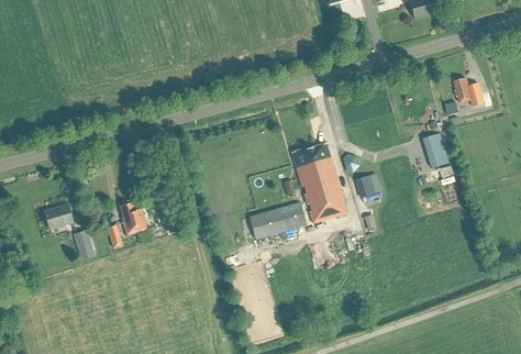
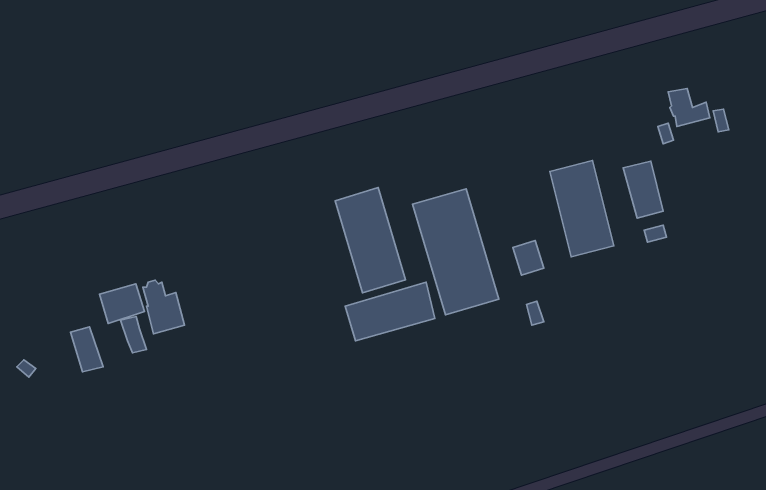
building: none -> [550,160,614,257]
building: none -> [335,188,405,293]
building: [44,203,73,229] -> [100,284,144,324]

